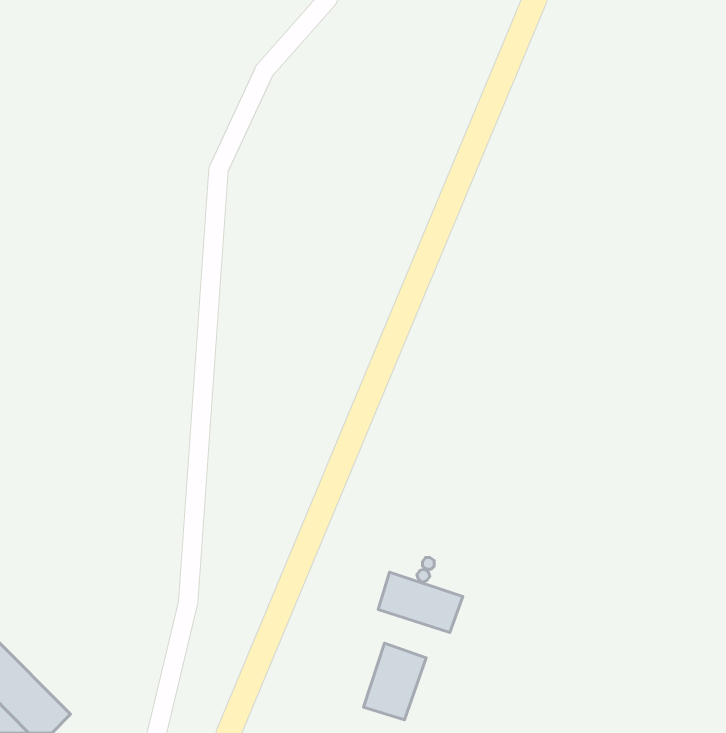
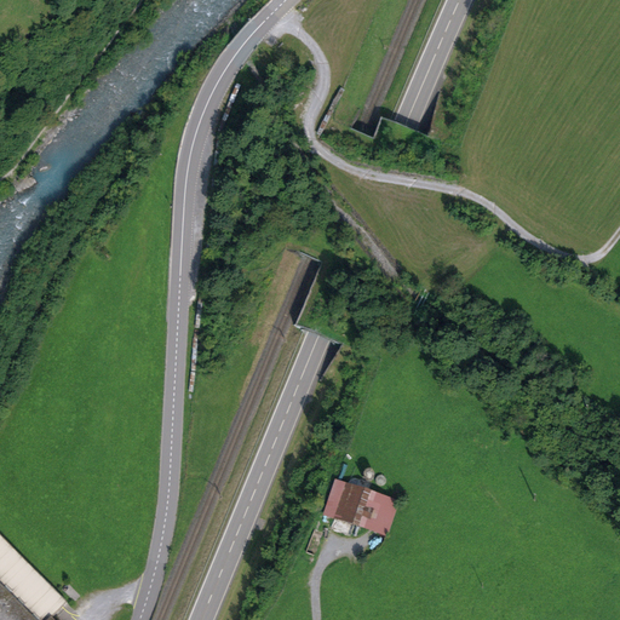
building: [363,643,426,720] -> none

